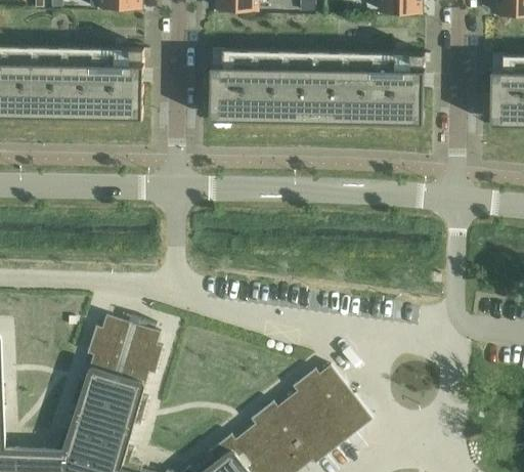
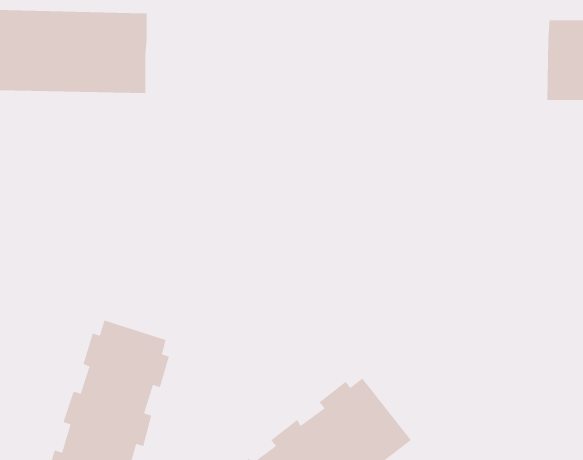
building: [209,50,423,125] -> none

